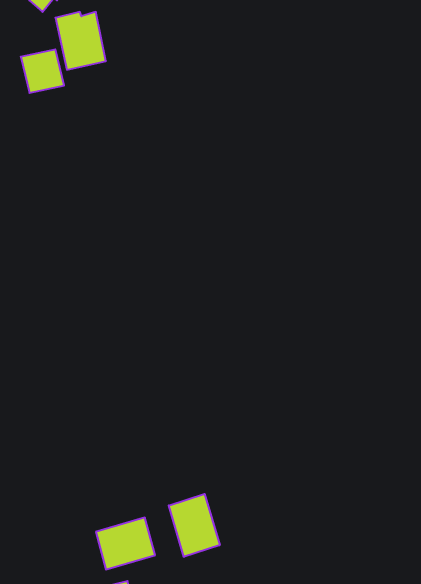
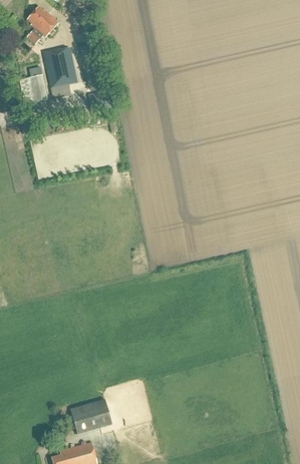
building: [169,494,220,557] -> none

